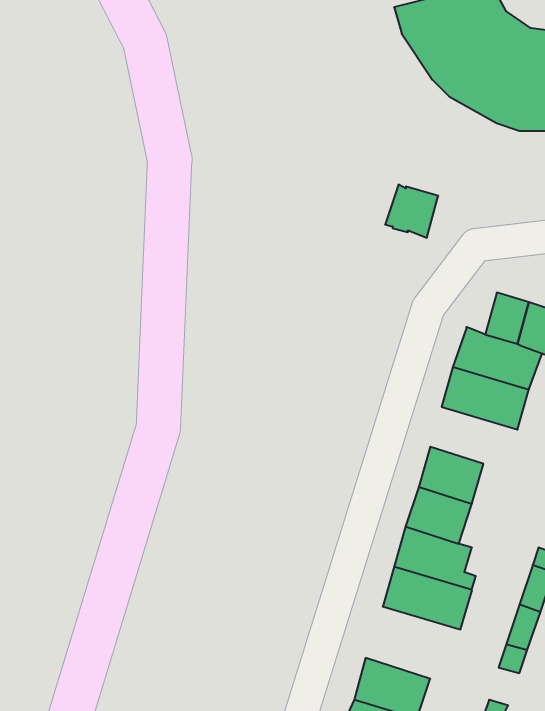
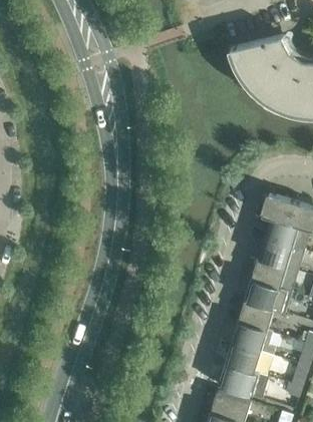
building: [385,185,438,238] -> [258,192,286,221]
building: none -> [251,259,297,292]
building: none -> [219,364,268,399]

